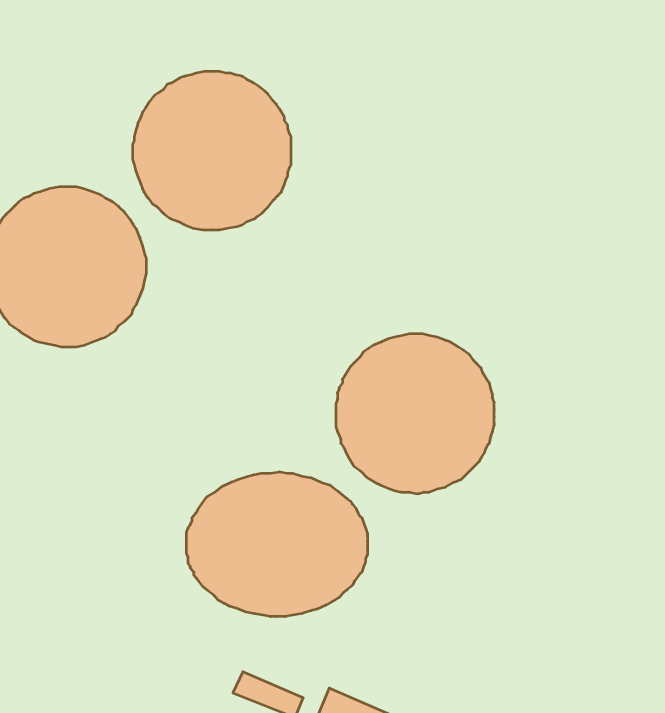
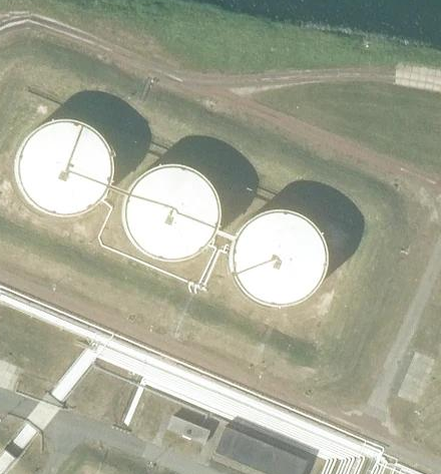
building: [133,71,291,230] -> [123,163,220,261]
building: [186,472,367,617] -> none

